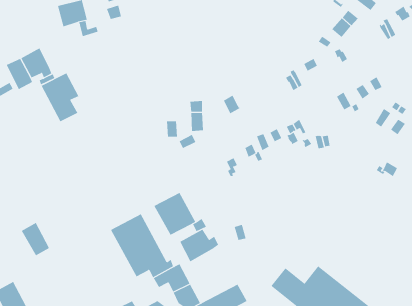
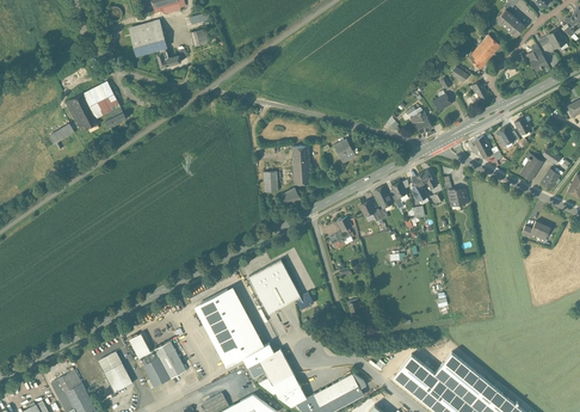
building: [41,73,79,122] -> none
building: [21,222,50,256] -> [97,351,132,393]
building: [179,229,219,262] -> none
building: none -> [138,342,186,388]

